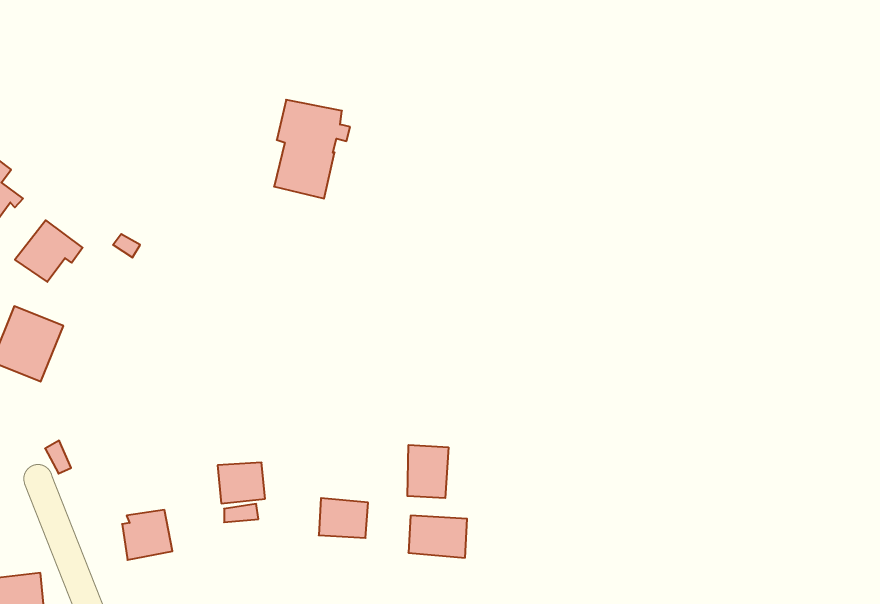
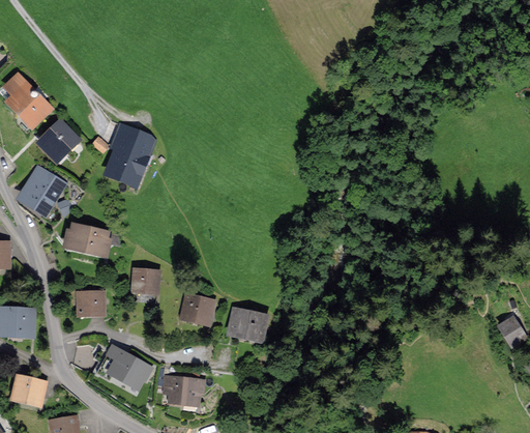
building: [274,100,350,199] -> [108,125,153,181]
building: none -> [70,226,118,255]
building: [407,445,448,498] -> none

